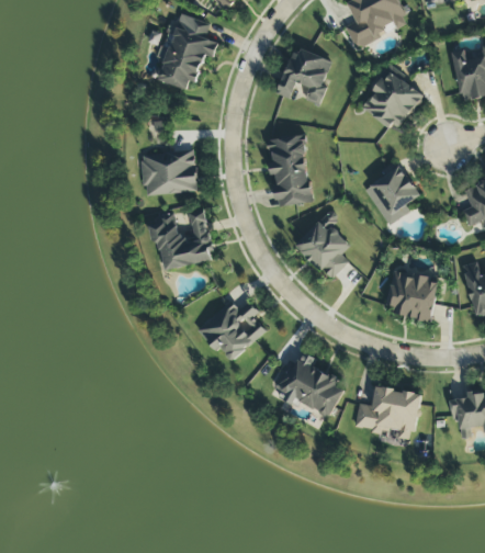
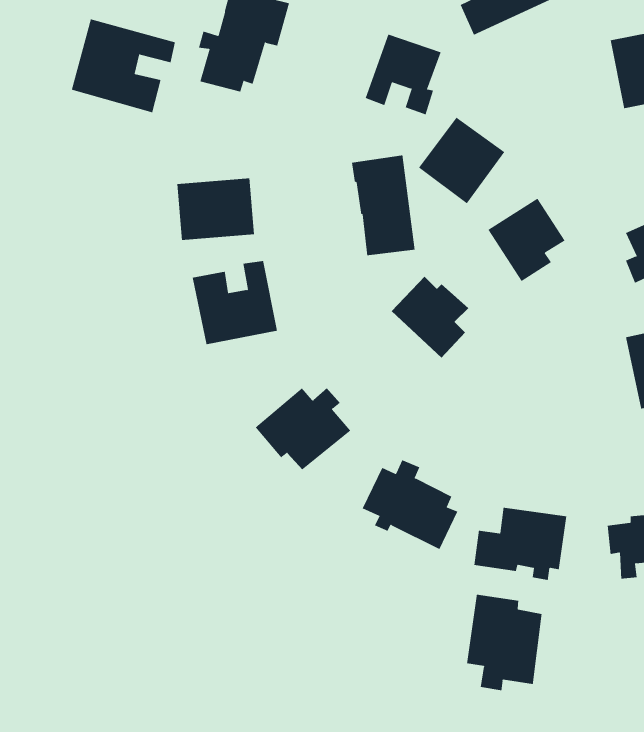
building: none -> [71,19,175,113]
building: [361,69,424,132] -> [418,117,505,204]
building: [386,269,439,321] -> none
building: none -> [466,594,542,691]

